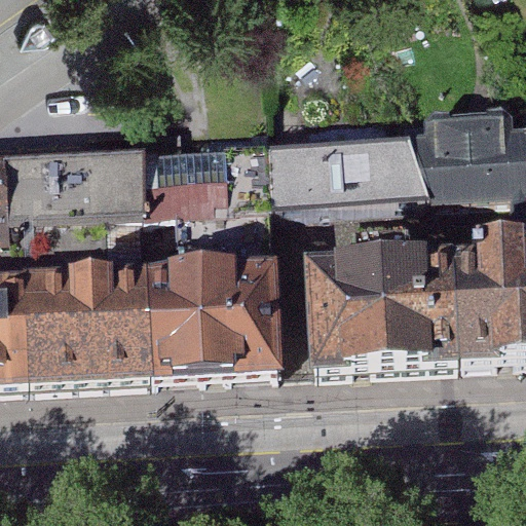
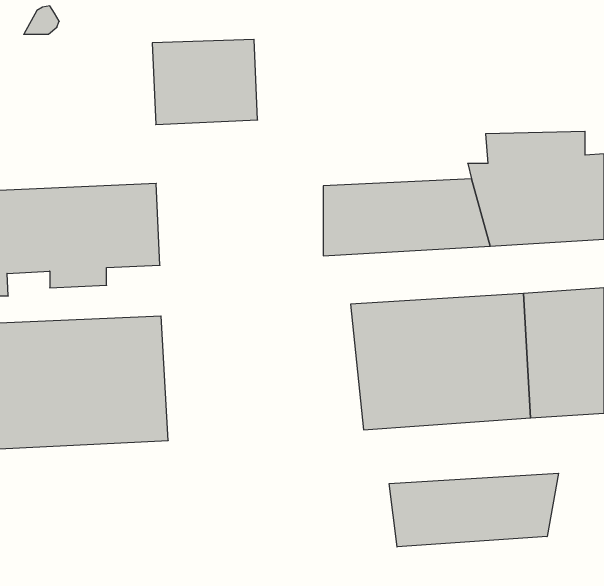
building: [136,156,227,230] -> [152,39,258,125]
building: [140,267,281,382] -> none
building: none -> [389,473,559,547]

